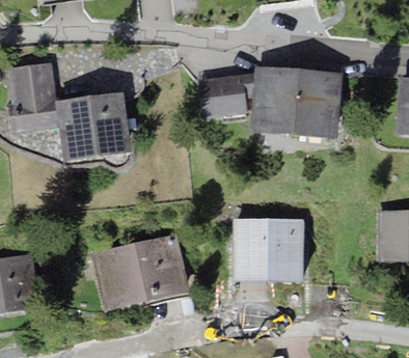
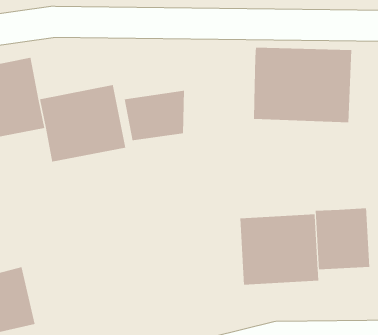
building: [198,75,254,118] -> [124,90,185,141]
building: none -> [315,208,370,270]
building: [90,236,188,310] -> none

